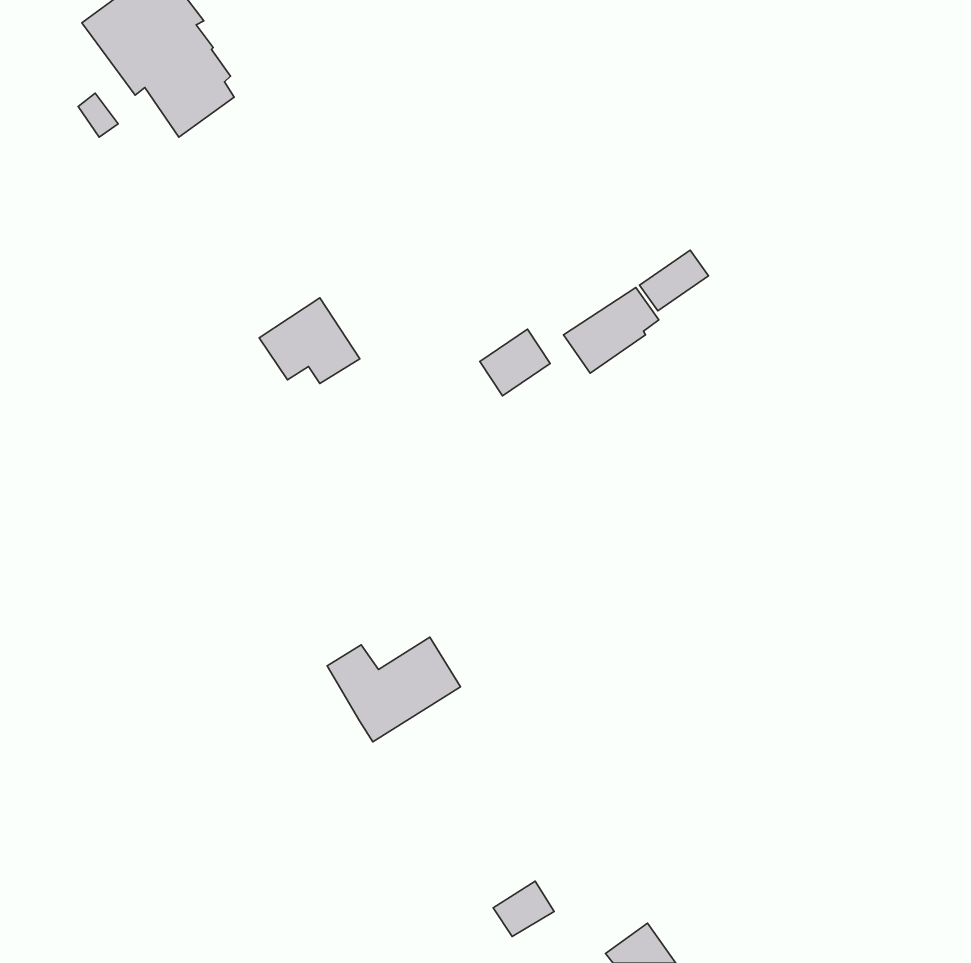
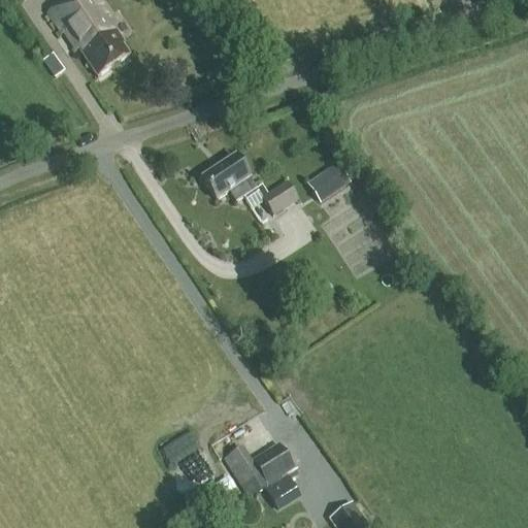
building: [639,250,709,311] -> none
building: [259,298,360,384] -> [203,154,258,200]
building: [327,637,460,742] -> [224,440,296,497]

